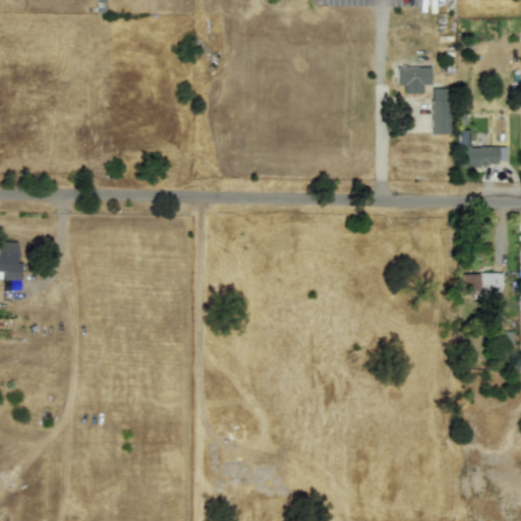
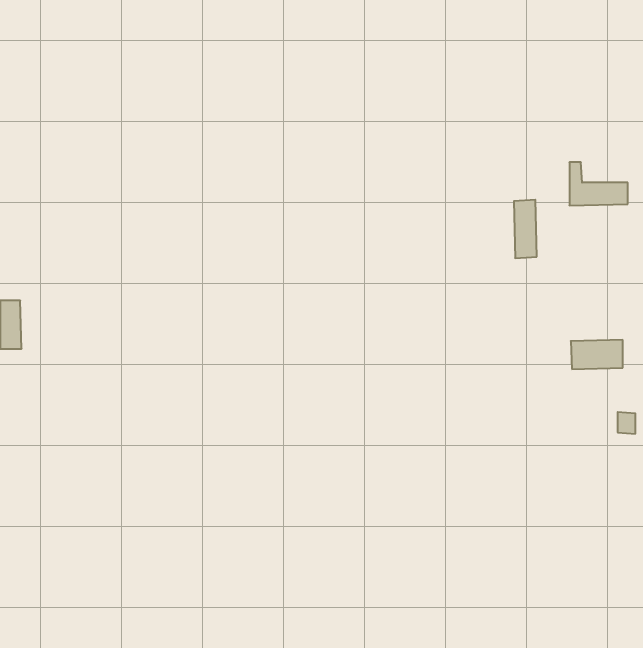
building: [399,66,431,94] -> none
building: [432,88,451,134] -> [514,200,537,258]

